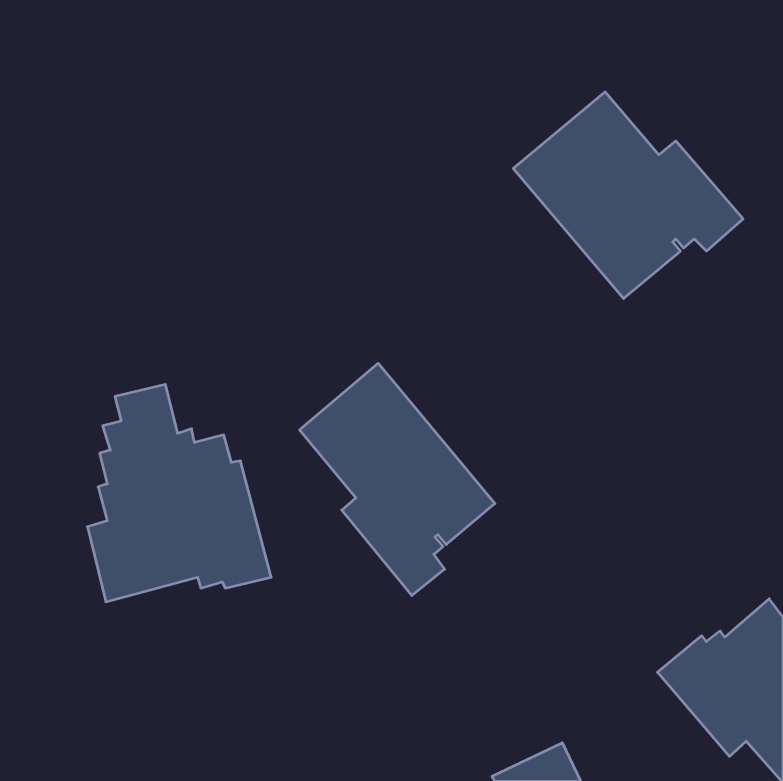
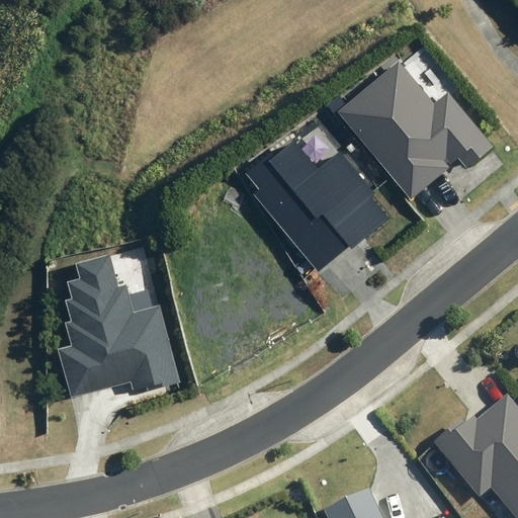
building: none -> [243,141,388,270]
building: [300,363,495,596] -> none

